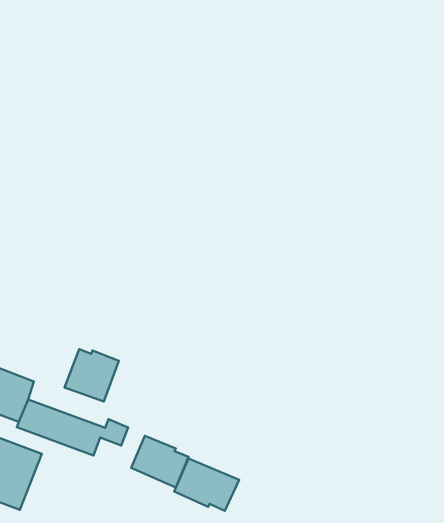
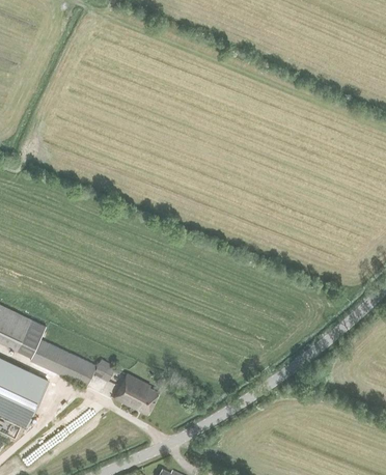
building: [64,349,119,402] -> none
building: [174,458,239,511] -> none

